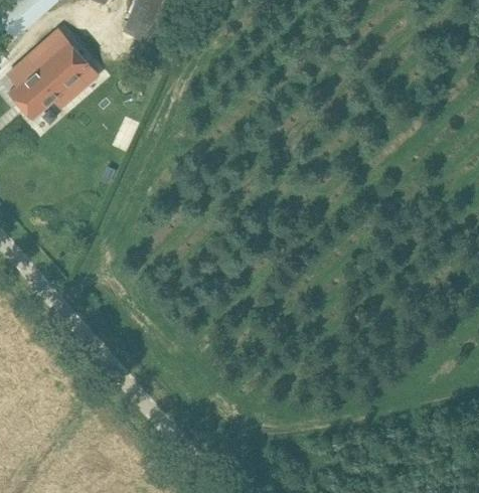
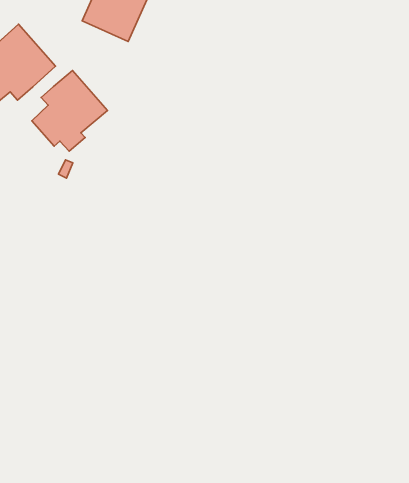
building: none -> [32,71,107,151]

